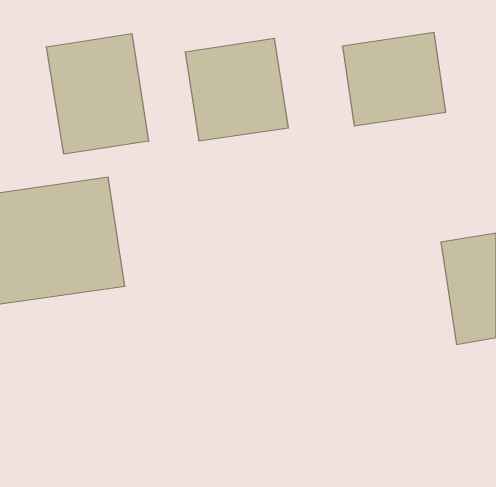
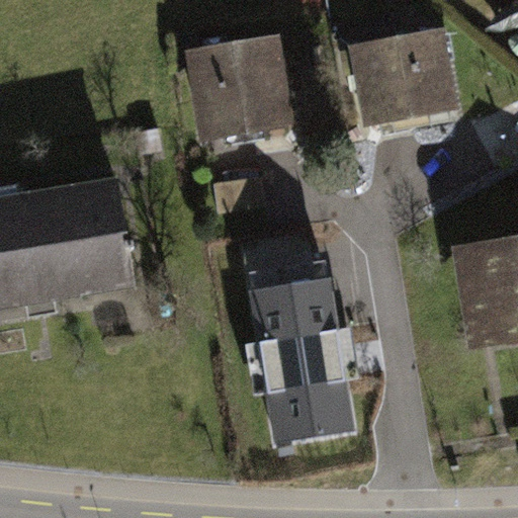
building: [47,34,149,154] -> none
building: none -> [255,266,349,442]

